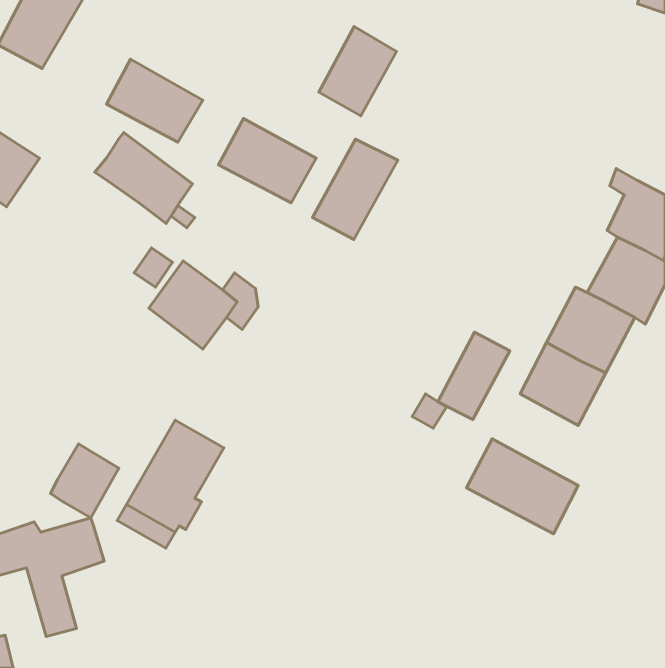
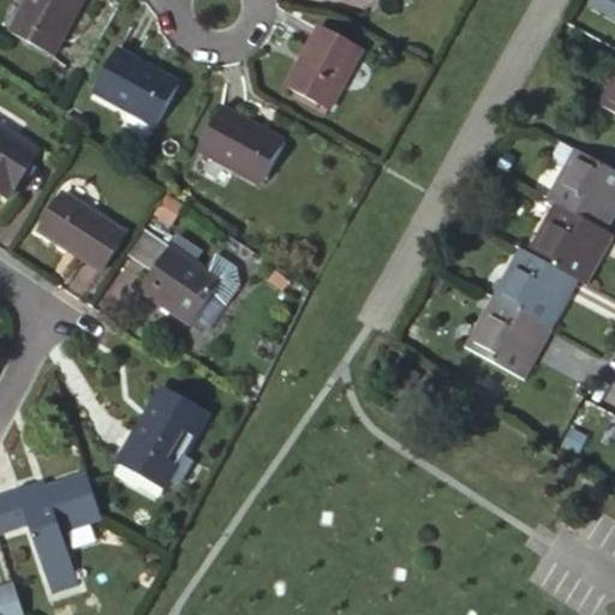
building: [95,133,192,223] -> [31,181,120,264]
building: [313,139,398,239] -> none
building: [438,332,510,420] -> none
building: [466,439,578,534] -> none
building: [50,444,119,518] -> none

